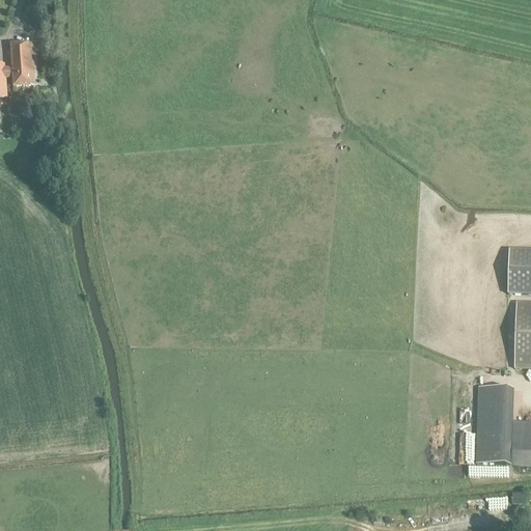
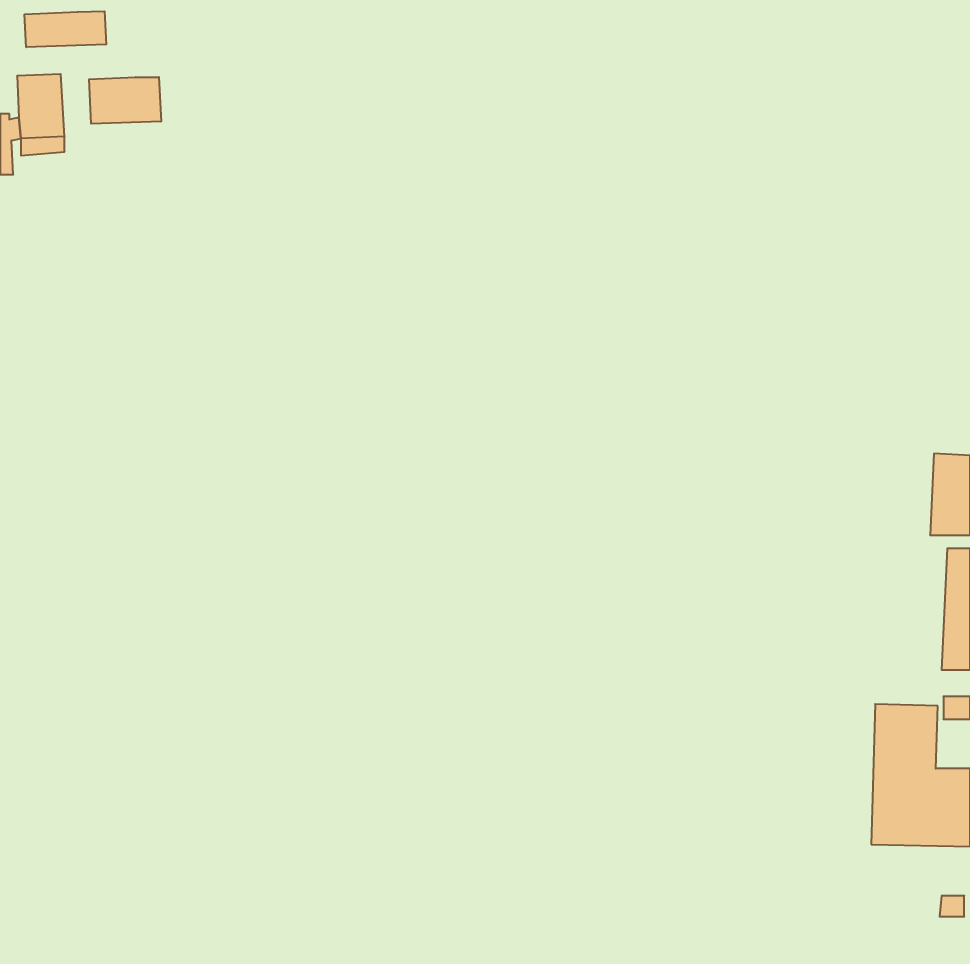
building: none -> [25,11,106,47]
building: none -> [89,77,161,124]

